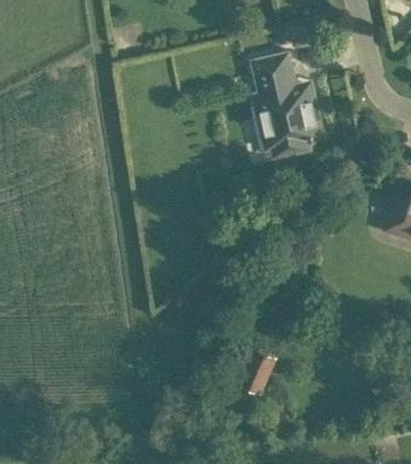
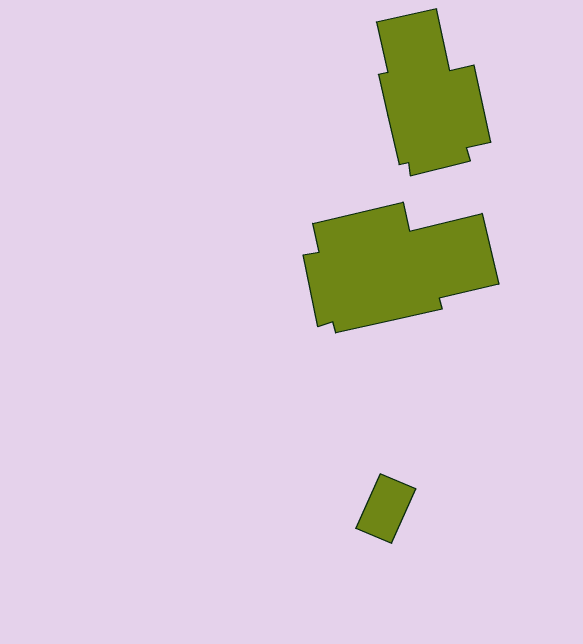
building: none -> [303,202,499,333]

